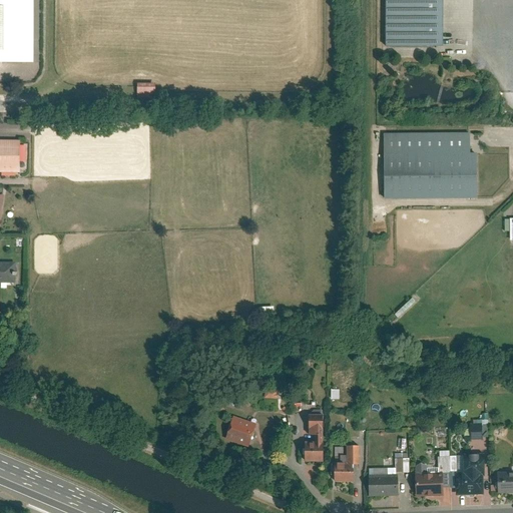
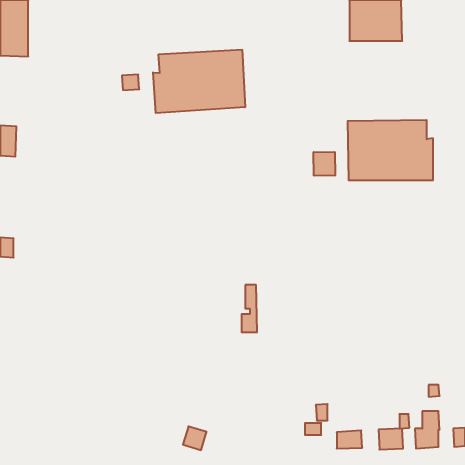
building: none -> [153,50,245,113]
building: none -> [314,152,335,176]
building: [307,408,324,460] -> [242,285,257,332]
building: [228,417,254,443] -> [183,426,207,450]

